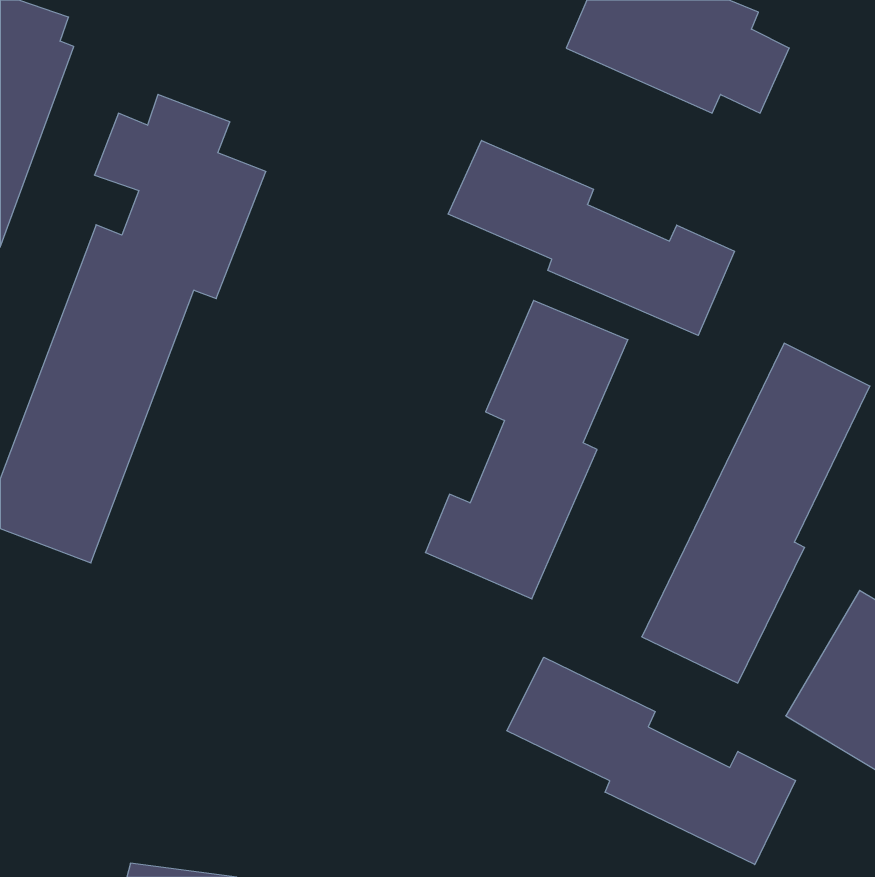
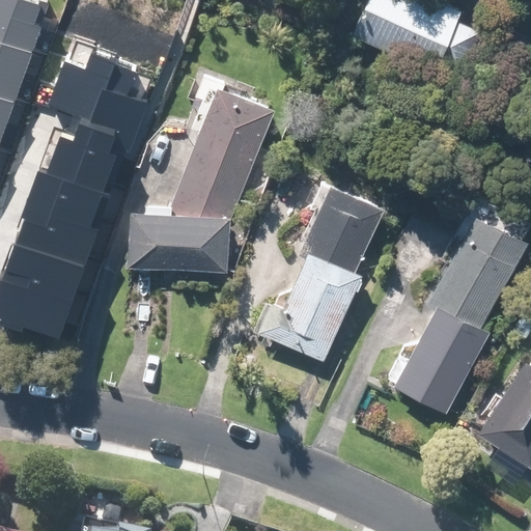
building: [448,140,735,335] -> none
building: none -> [129,87,272,273]
building: [507,657,795,865] -> none

